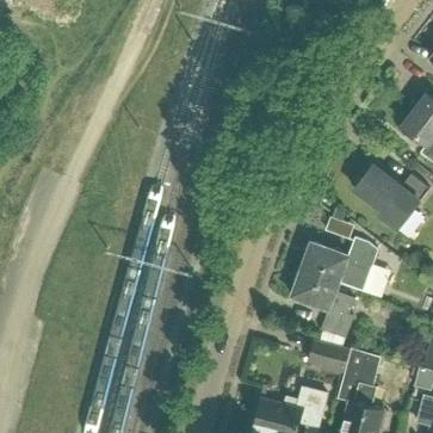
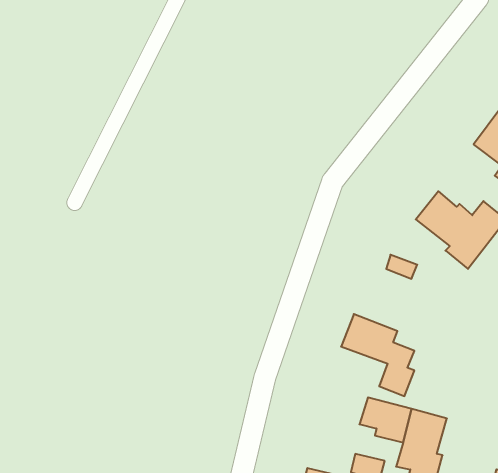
building: [301,237,376,291] -> none

